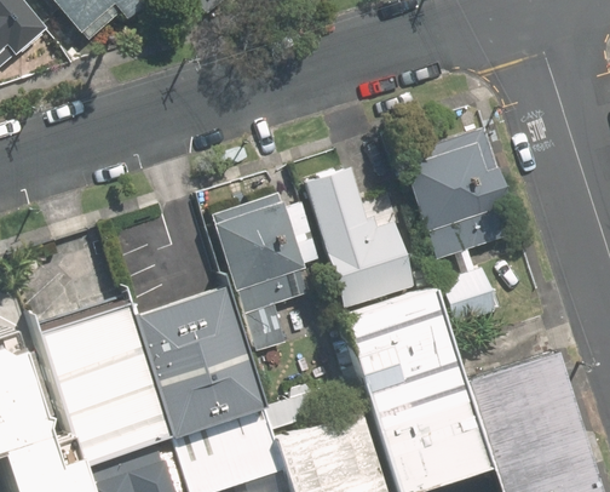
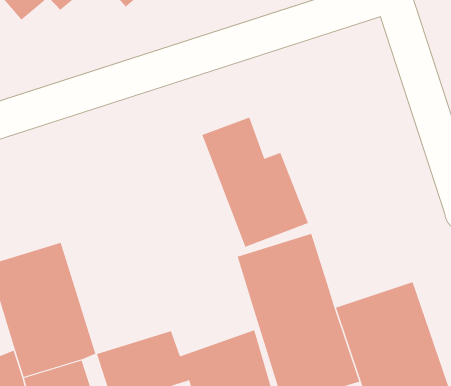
building: [399,122,511,304] -> none
building: [218,191,323,353] -> none
building: [134,286,263,435] -> none

